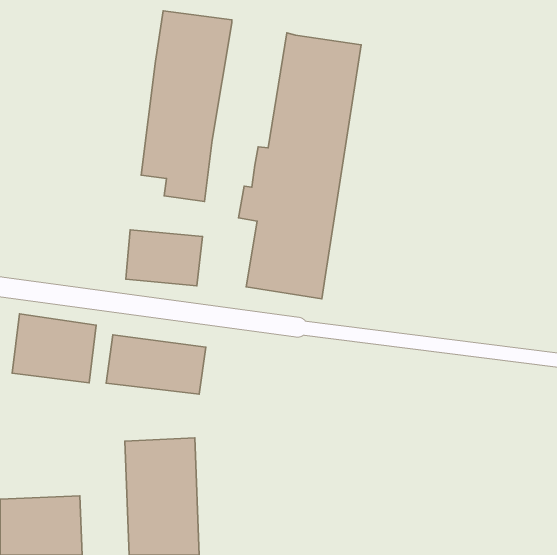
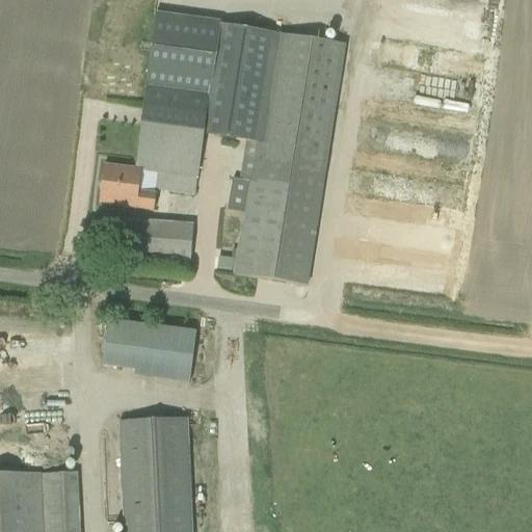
building: none -> [204,22,274,140]
building: none -> [100,162,160,209]
building: [12,314,96,383] -> none

